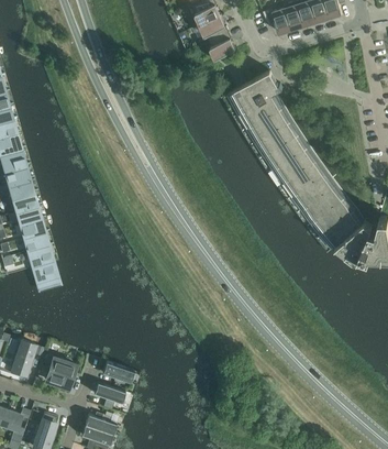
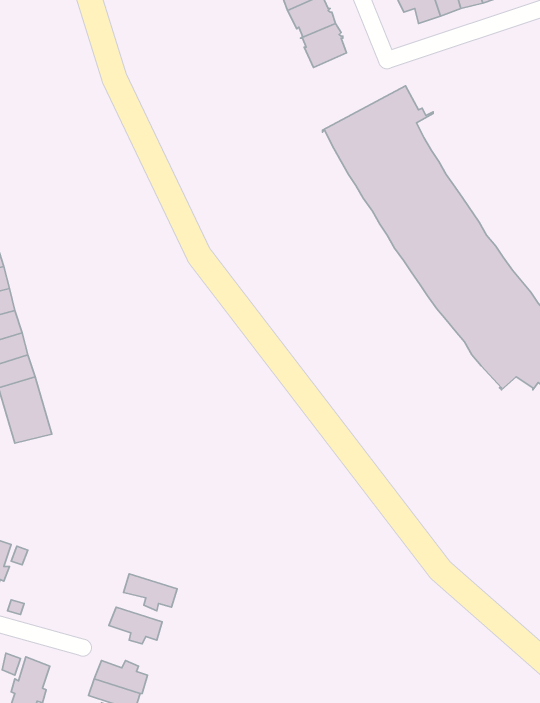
building: [46,357,76,388] -> none

